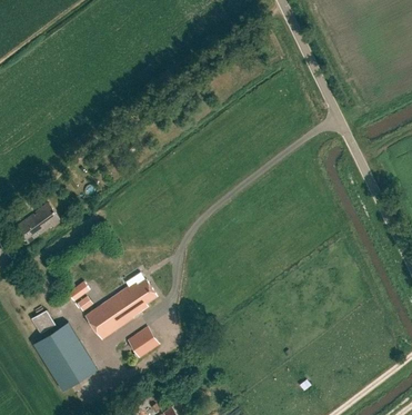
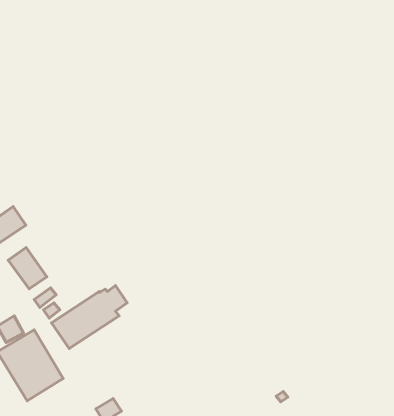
building: none -> [8,247,47,289]
building: [127,328,158,357] -> none

